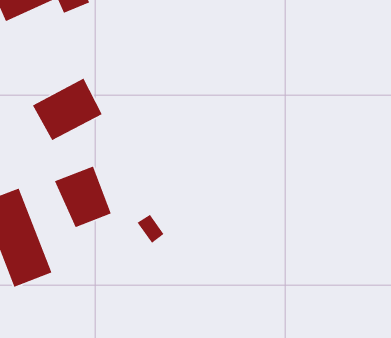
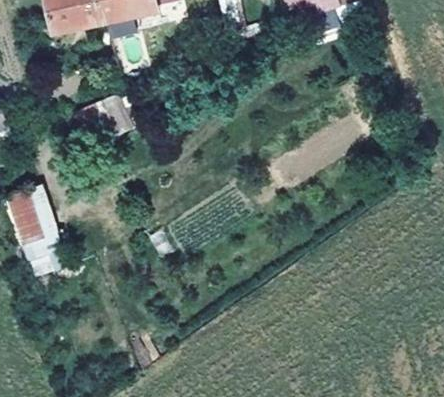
building: [54,166,112,228] -> none

